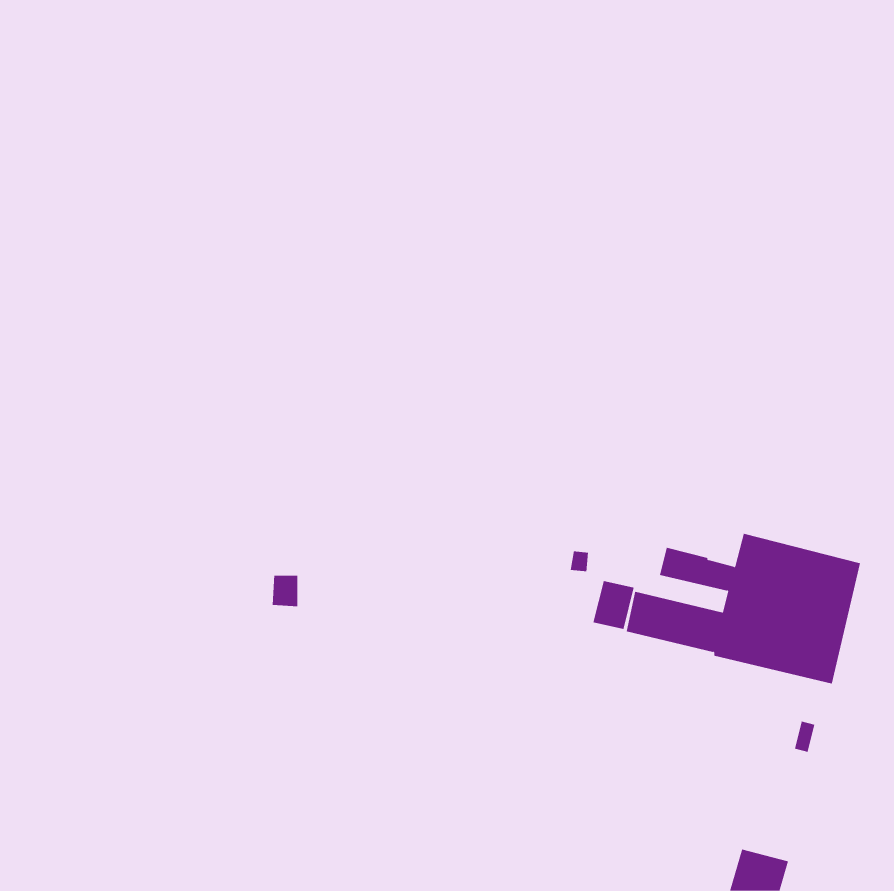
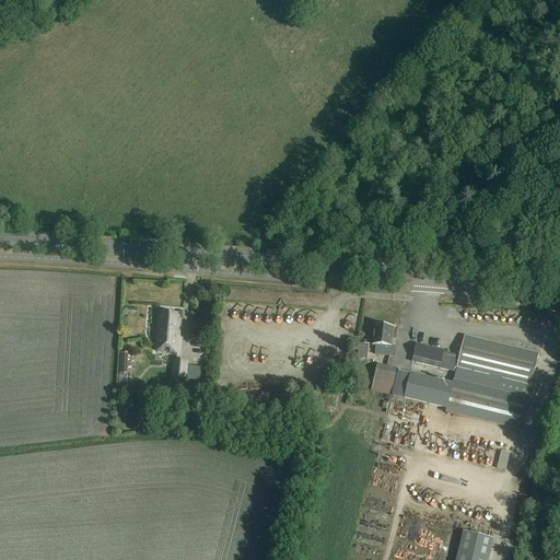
building: none -> [154,311,178,351]
building: none -> [371,322,393,351]

